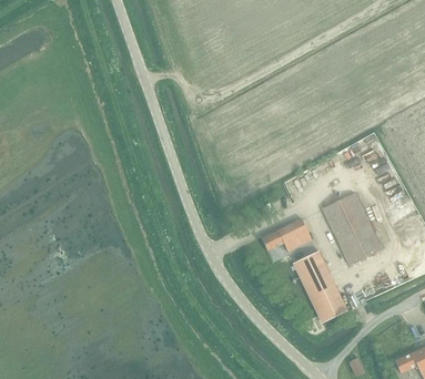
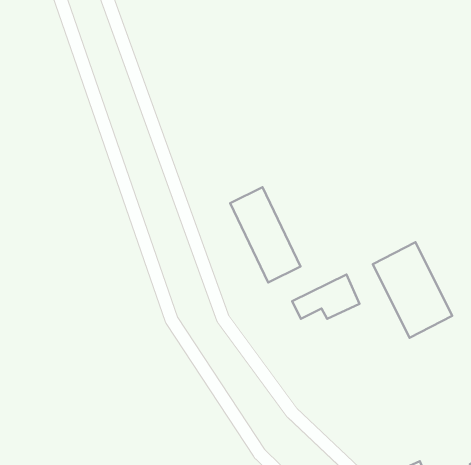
building: [294,249,347,321] -> [230,187,301,283]

